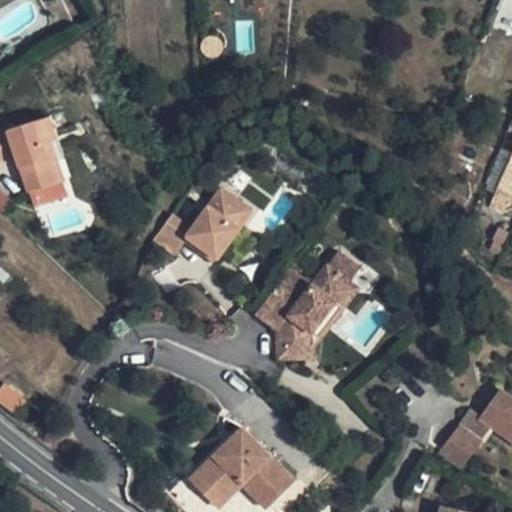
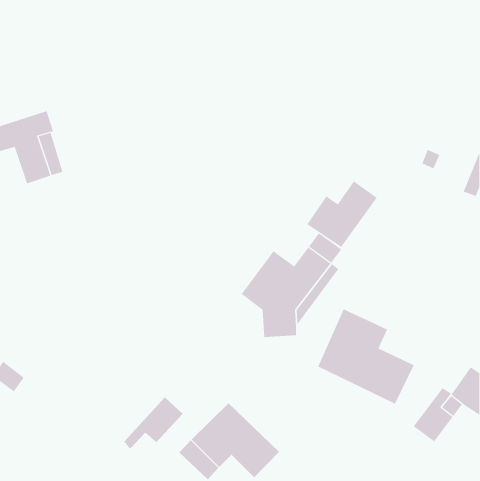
building: [152,189,248,260] -> none
building: none -> [306,180,378,248]
building: none -> [317,309,415,405]
building: none -> [123,396,183,450]

